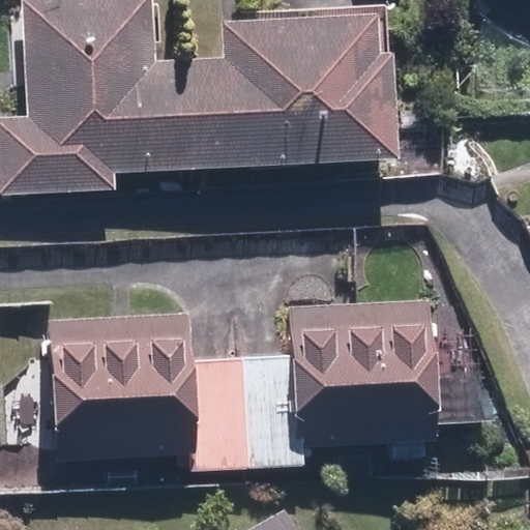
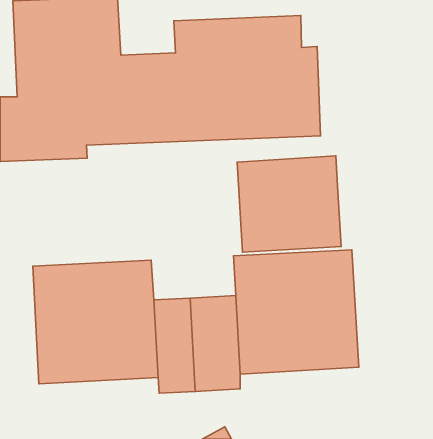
building: none -> [237,156,341,252]

